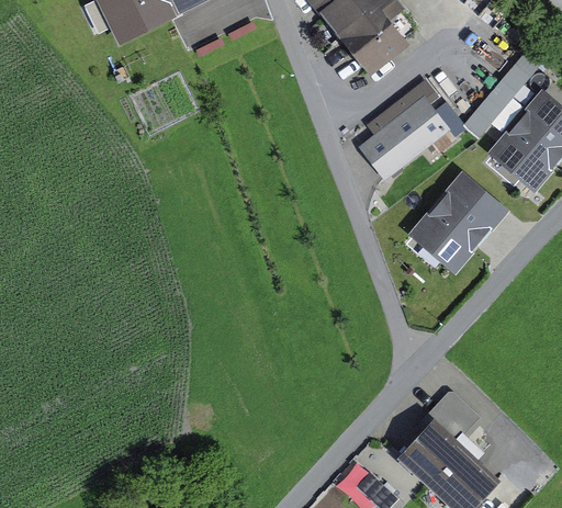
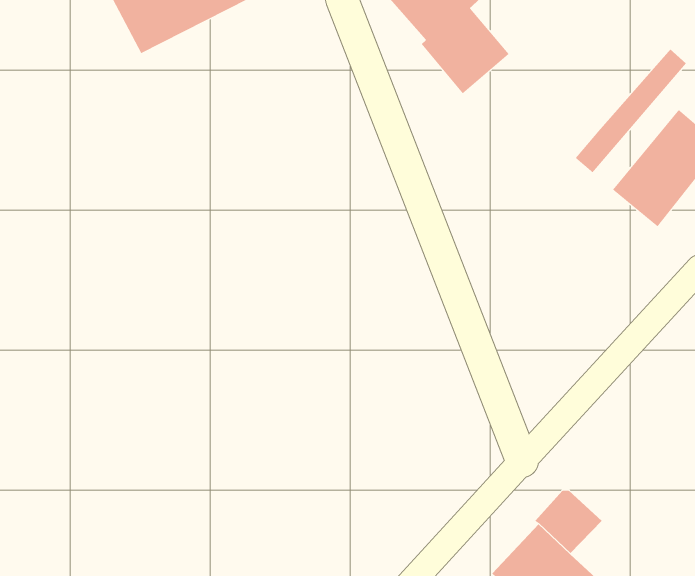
building: [367,93,450,176] -> none
building: [414,171,508,267] -> none

